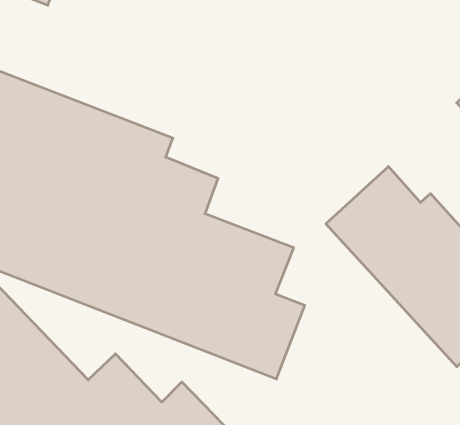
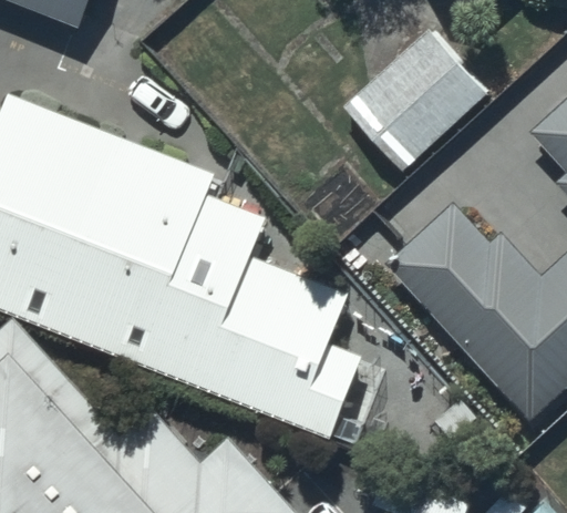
building: none -> [342,31,485,171]

